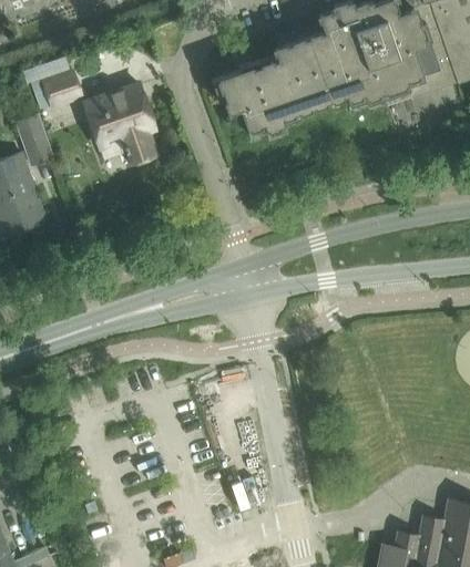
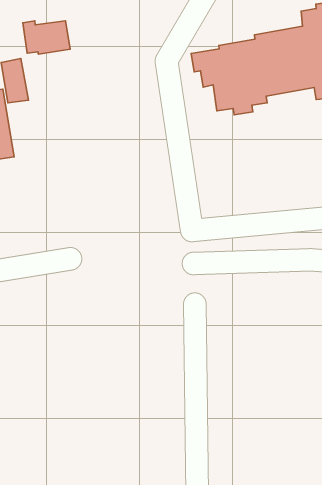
building: [85,84,155,163] -> none

